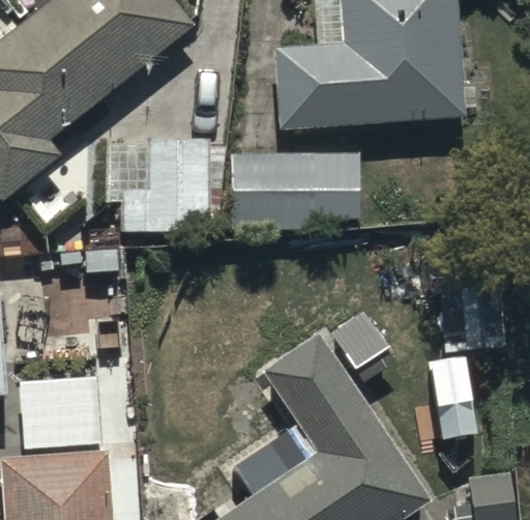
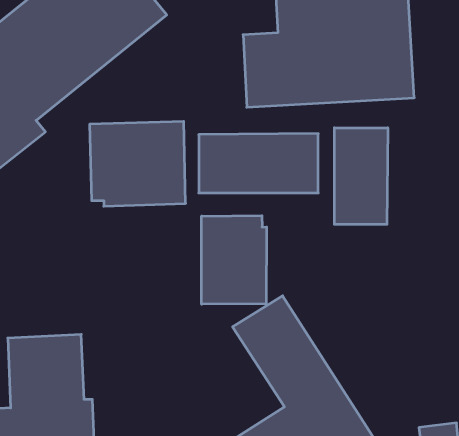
building: none -> [334,128,388,224]
building: none -> [202,216,267,304]

